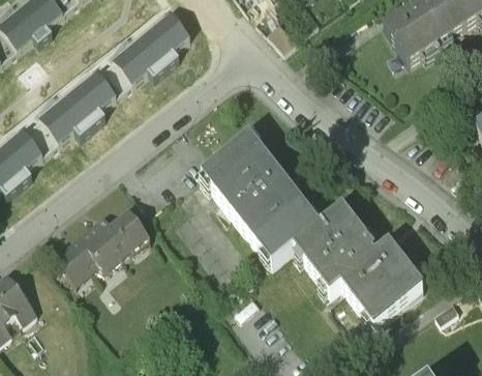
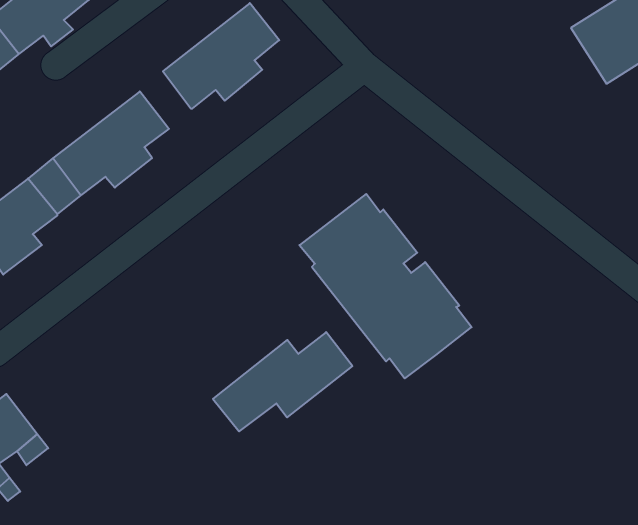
building: [98,54,132,91] -> none
building: [296,205,425,323] -> none
building: [56,208,149,274] -> [213,332,352,431]

